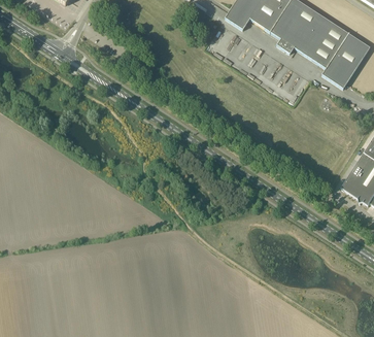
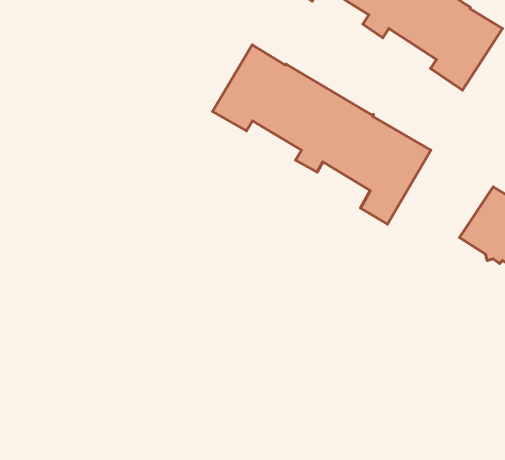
building: none -> [213,45,431,224]

